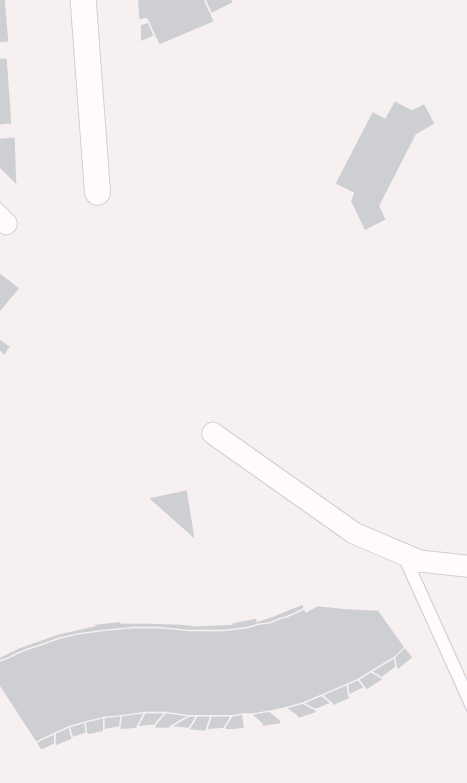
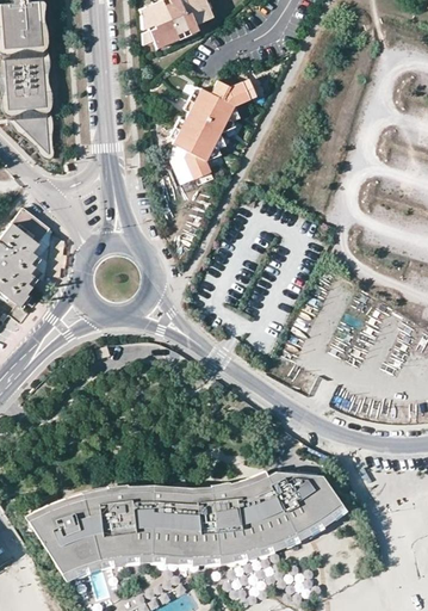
building: [334,100,435,231] -> [172,80,248,179]
building: [148,489,195,540] -> none

